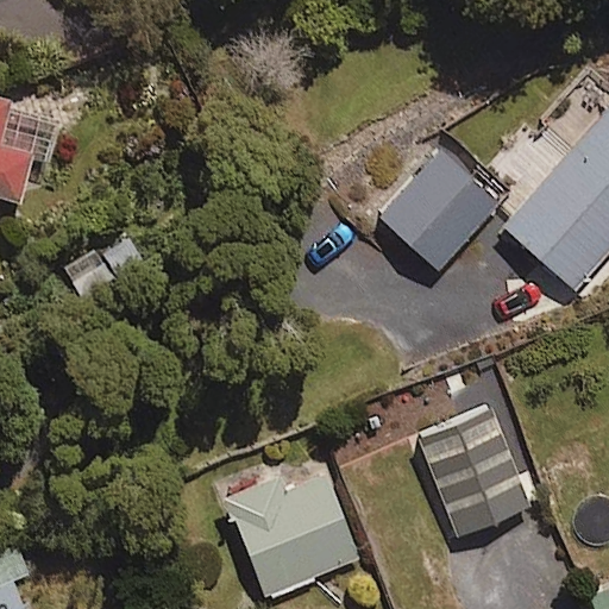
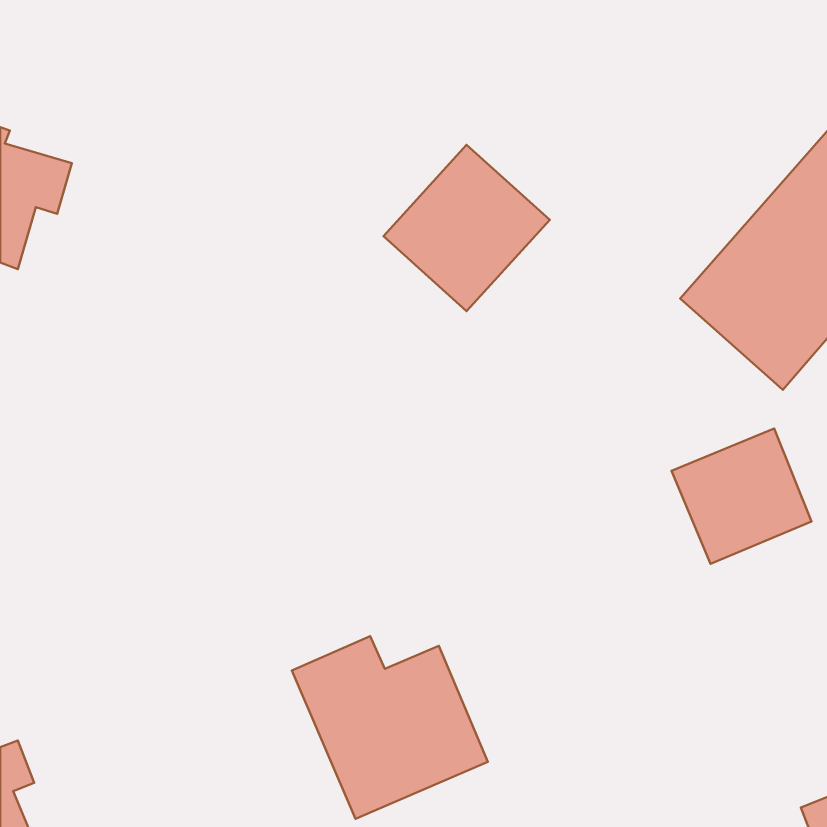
building: [378,149,500,270] -> [383,145,550,311]
building: [429,439,532,538] -> [671,428,812,564]

